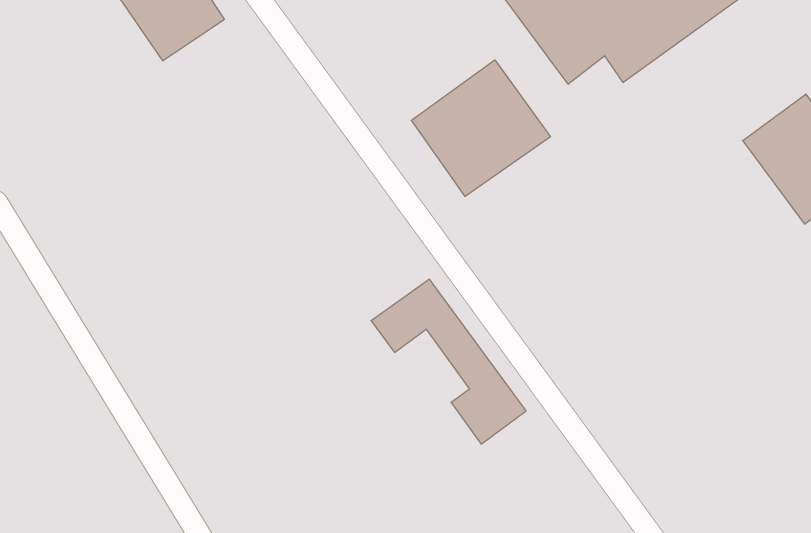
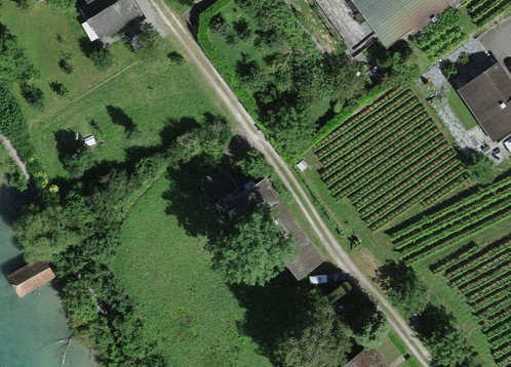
building: [411,60,551,196] -> none
building: none -> [10,257,55,294]

